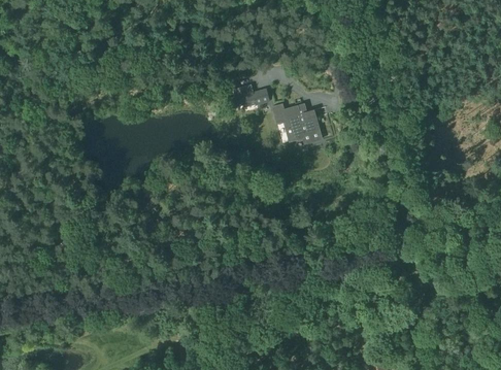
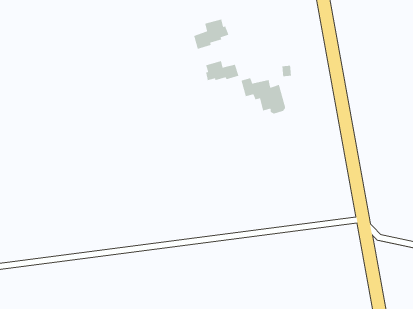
building: none -> [193,18,230,50]

